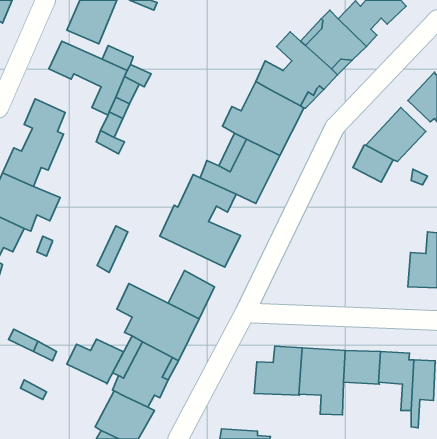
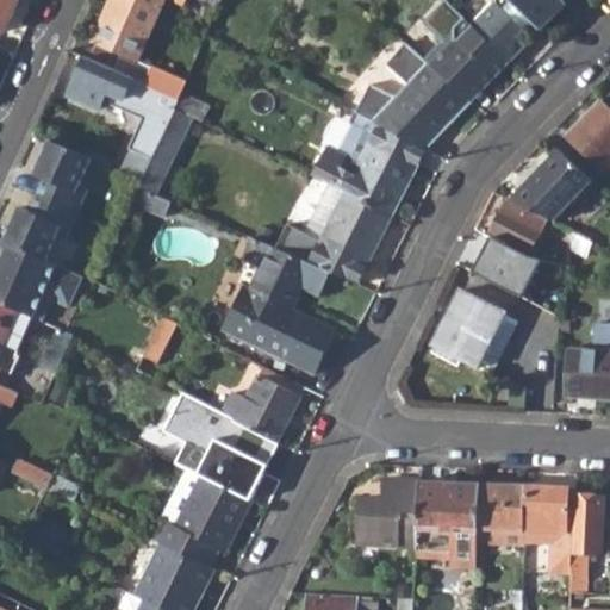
building: none -> [472,239,540,301]
building: none -> [432,292,503,369]
building: [67,339,124,384] -> none

